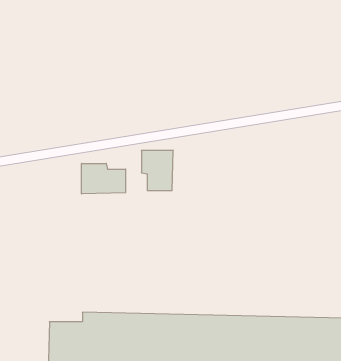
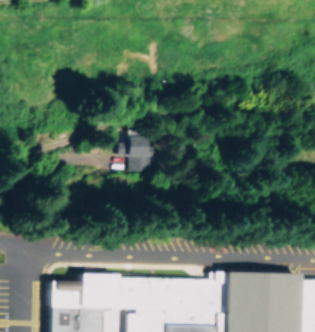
building: [82,163,126,194] -> none

